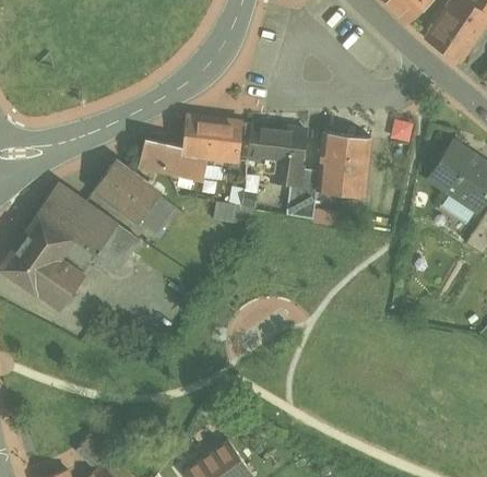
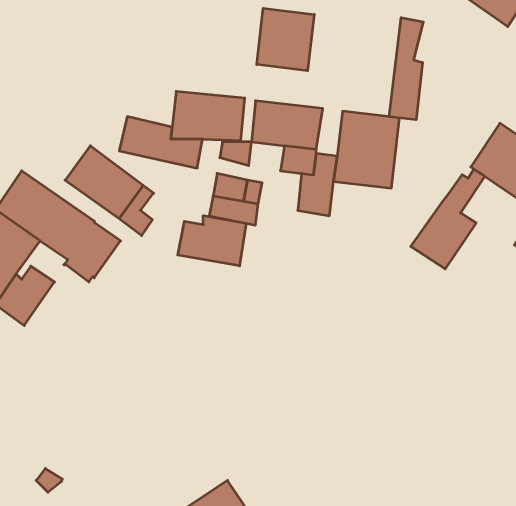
building: none -> [257,8,314,71]
building: none -> [389,18,423,120]
building: none -> [411,169,485,269]
building: none -> [178,216,246,266]
building: [54,240,96,274] -> none

